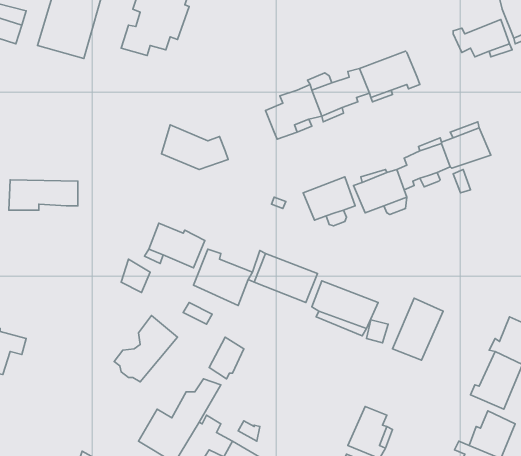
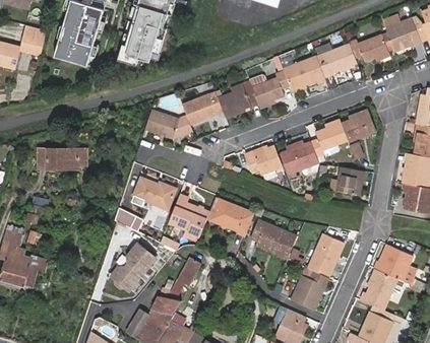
building: none -> [316,46,356,76]
building: none -> [180,94,223,128]
building: none -> [334,164,361,194]
building: none -> [290,266,326,307]

